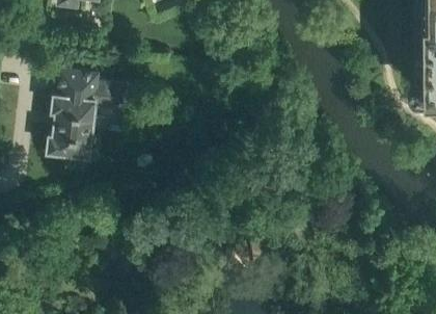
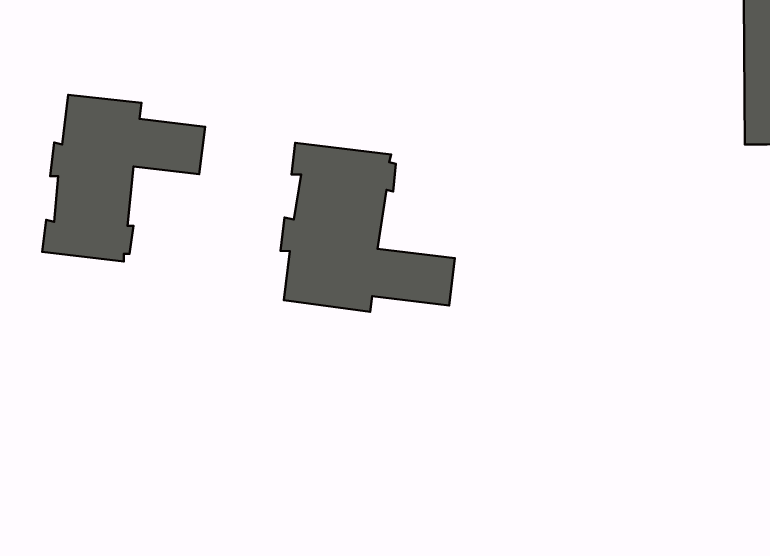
building: none -> [280,143,455,312]

